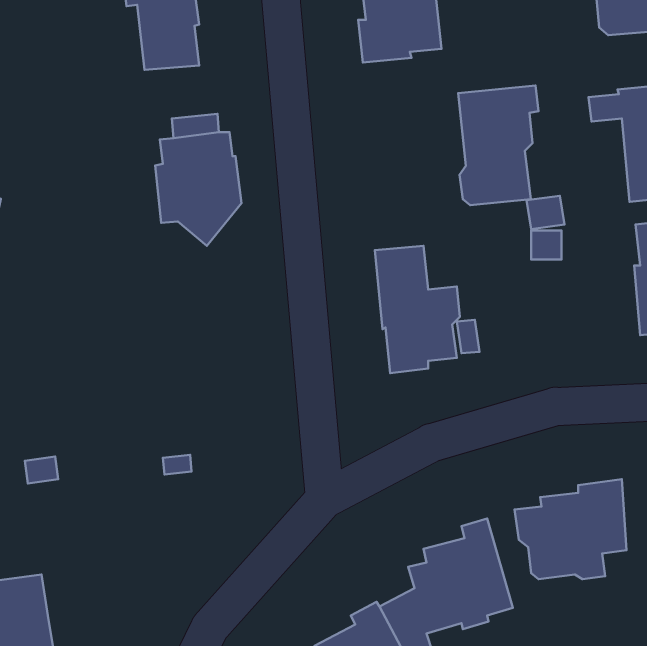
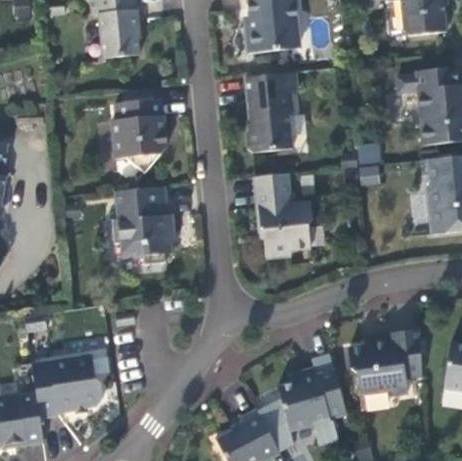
building: [458,86,538,205] -> [244,73,297,152]
building: none -> [111,186,174,265]
building: none -> [31,353,102,418]

